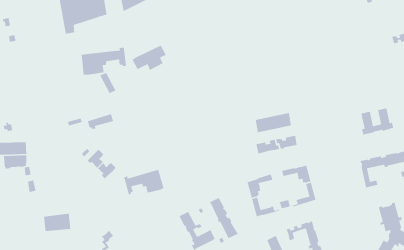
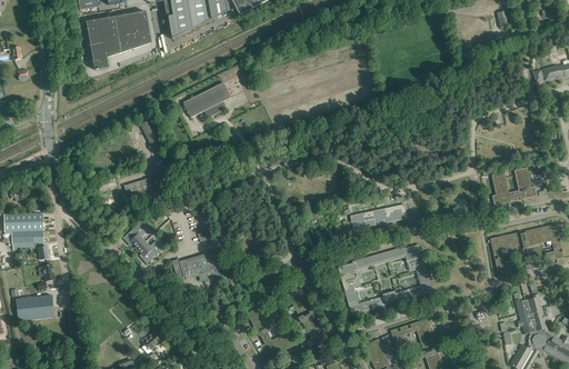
building: [81,47,127,76] -> none
building: [255,112,292,133] -> none
building: [43,213,71,232] -> [17,295,54,320]

